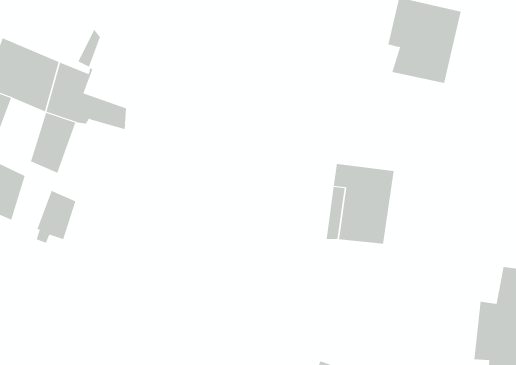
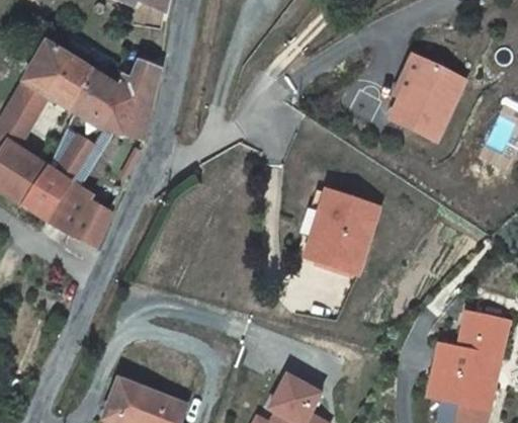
building: none -> [111,64,158,120]
building: none -> [29,156,77,218]
building: none -> [74,197,113,244]

